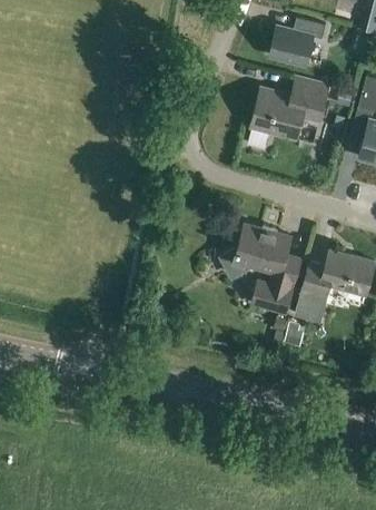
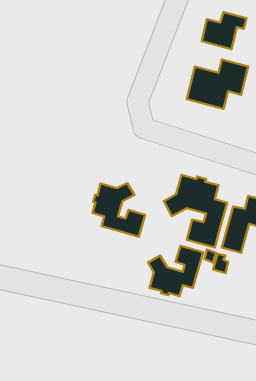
building: none -> [92,183,145,237]
building: none -> [148,246,203,296]

